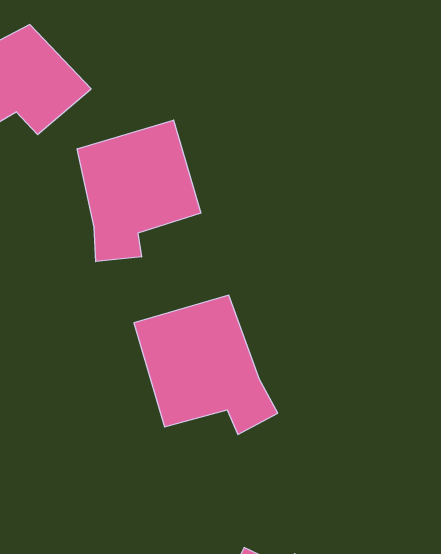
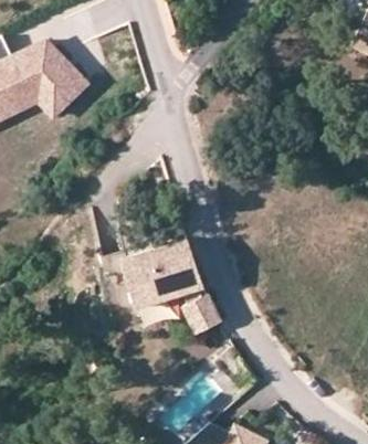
building: [77,120,201,262] -> none

